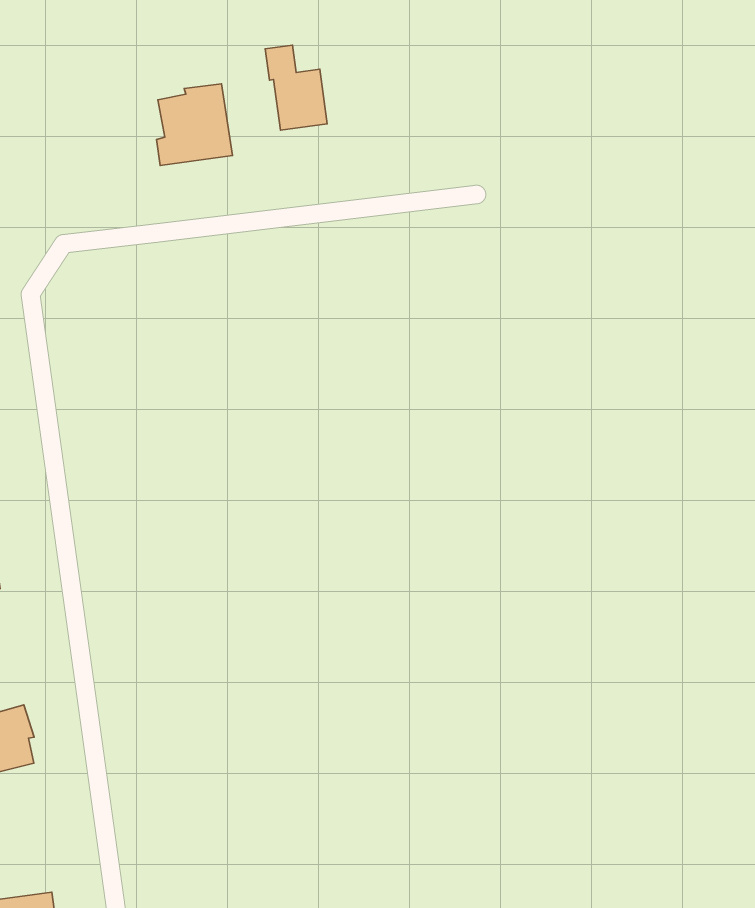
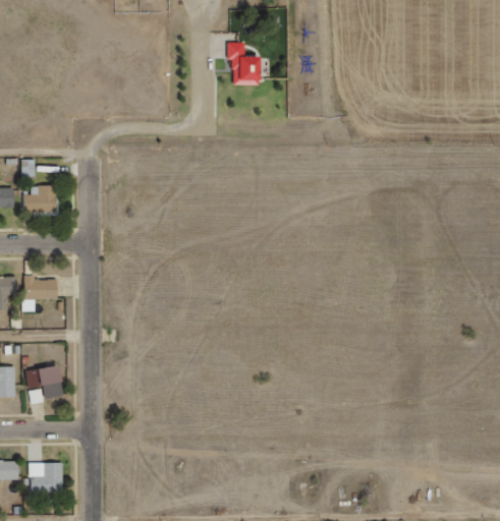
building: [157,84,232,165] -> none

